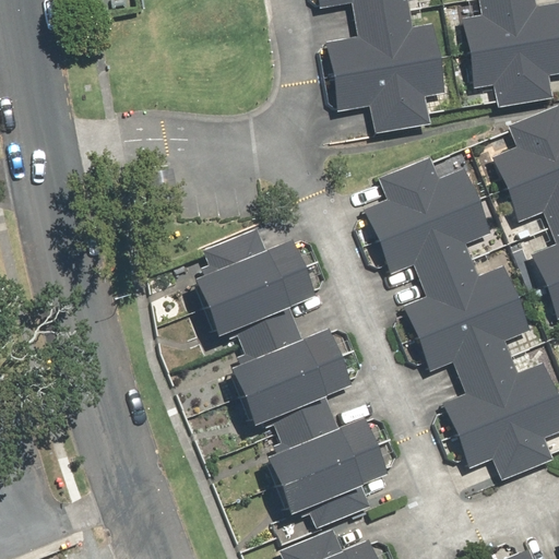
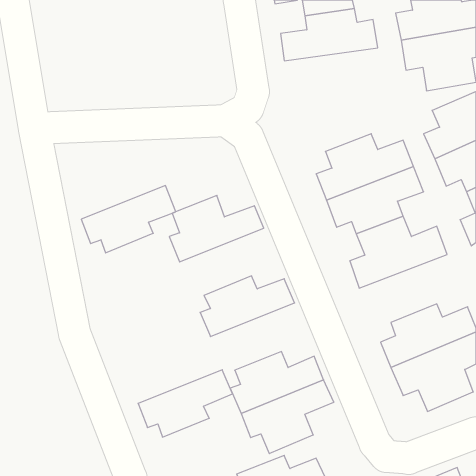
building: [332,58,445,131] -> none
building: [210,269,320,347] -> [81,186,176,253]
building: [419,299,533,379] -> none
building: [246,356,356,435] -> [138,370,233,437]

